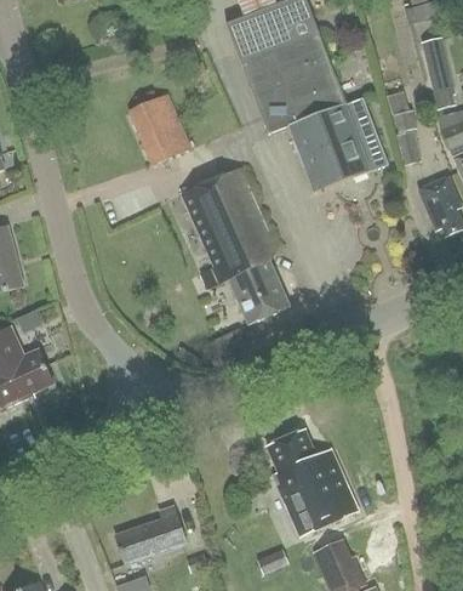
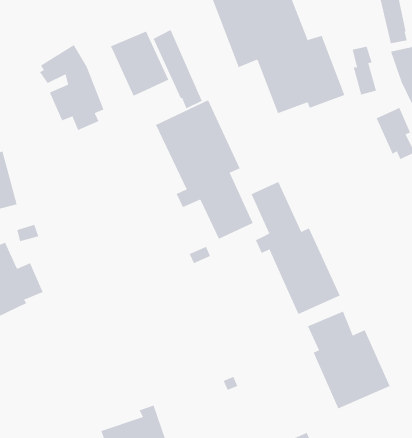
building: none -> [153,29,202,109]
building: none -> [39,44,104,131]
building: none -> [251,181,341,315]
building: [264,428,356,538] -> [307,311,390,409]

